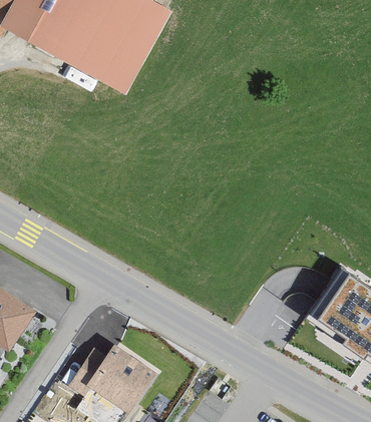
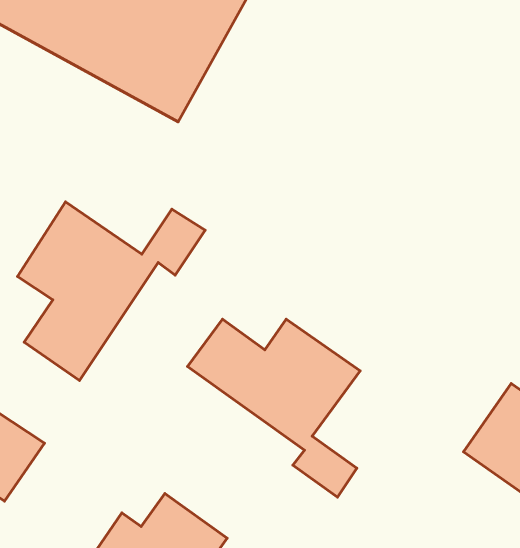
building: none -> [17,202,205,380]
building: none -> [187,319,360,497]

